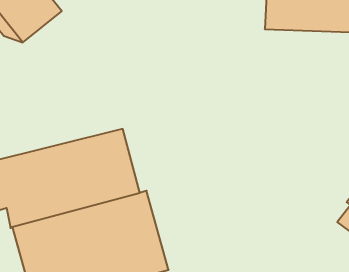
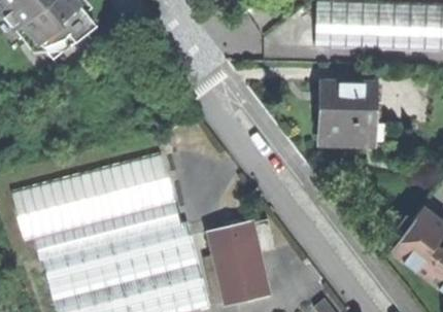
building: none -> [319,83,373,144]
building: none -> [208,218,276,303]

